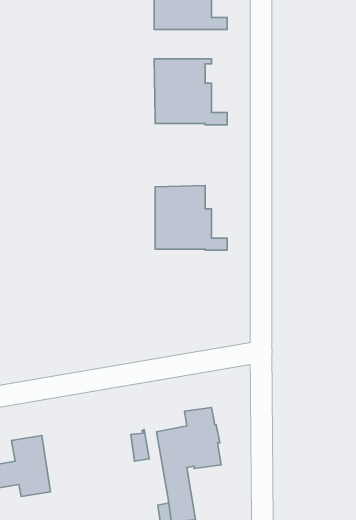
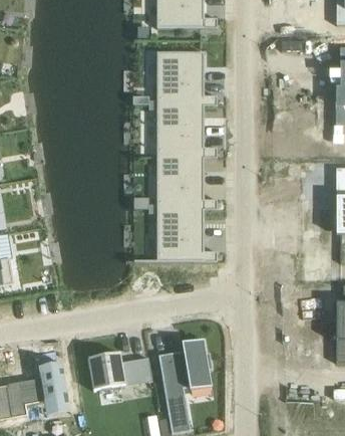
building: none -> [157,103,217,156]
building: none -> [157,207,217,260]
building: none -> [88,352,125,389]

